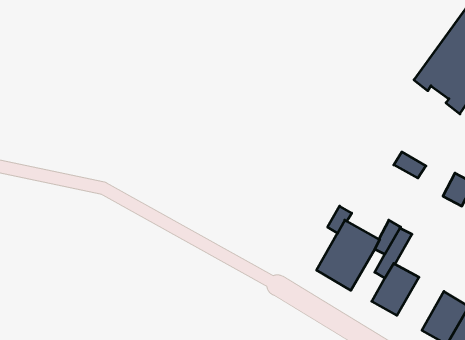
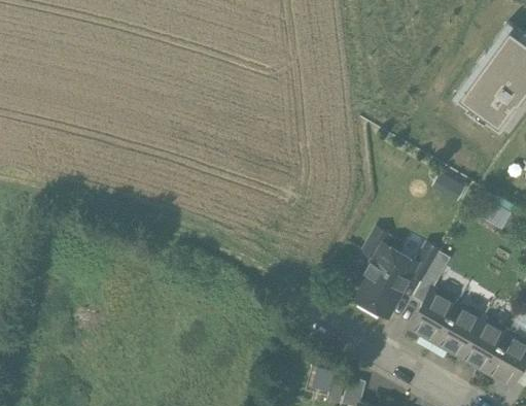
building: none -> [435,304,484,359]

